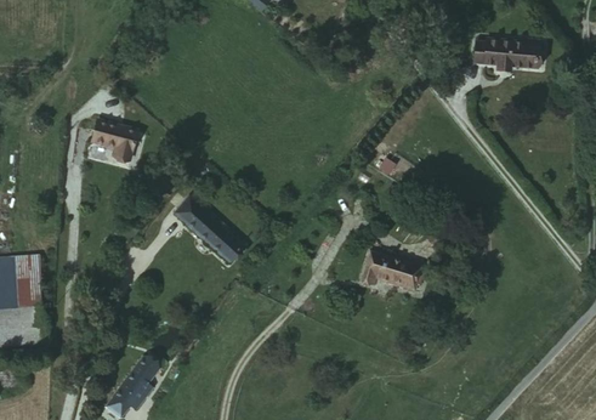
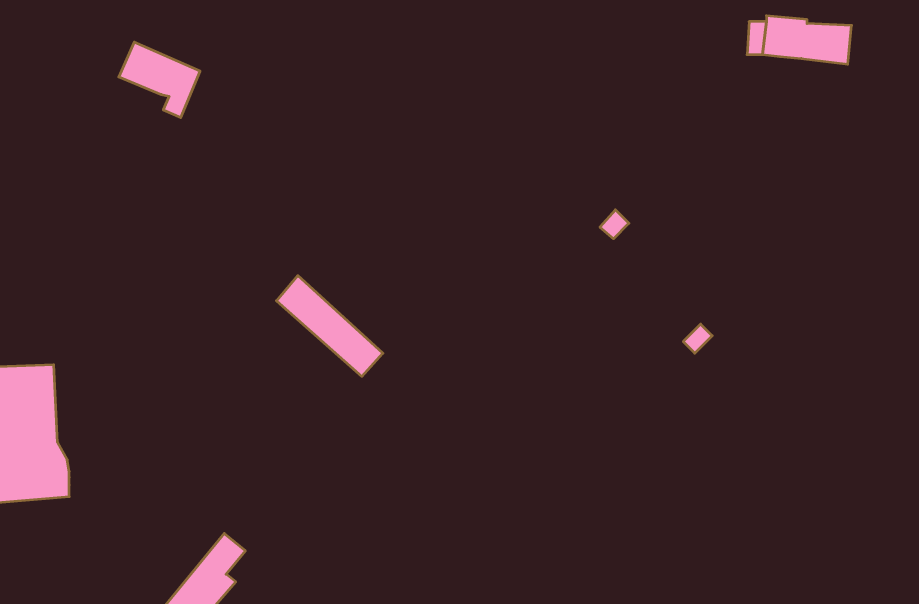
building: [79,120,130,168] -> [119,42,200,118]
building: [361,251,425,290] -> none

